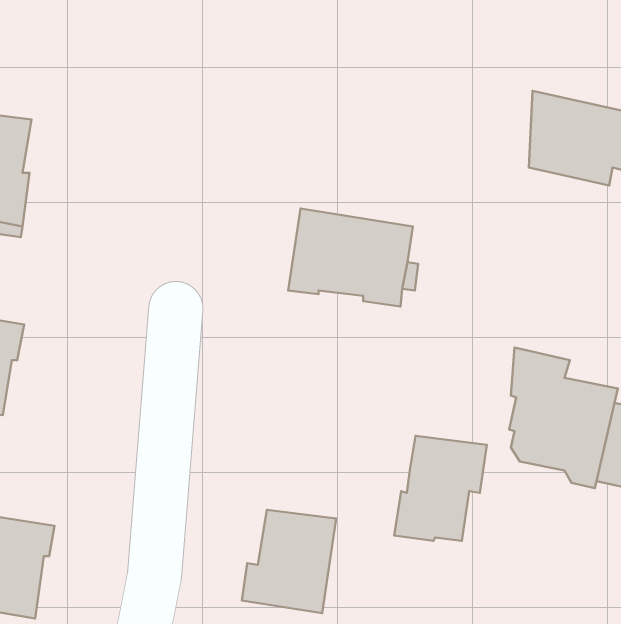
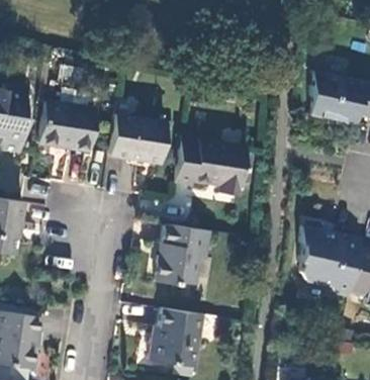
building: none -> [38,102,96,152]
building: none -> [108,114,166,163]
building: [394,436,487,541] -> [155,225,207,285]

